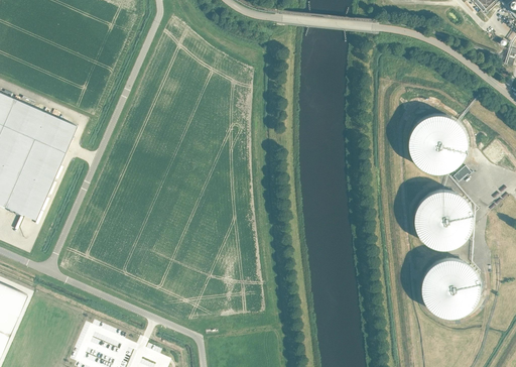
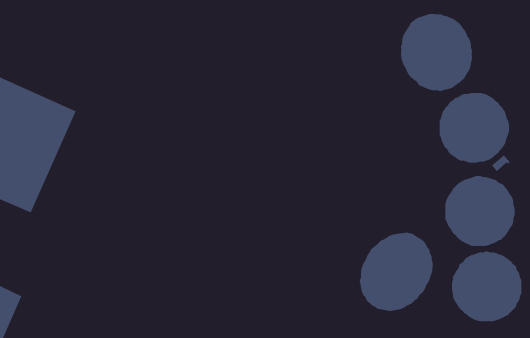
building: none -> [400,13,473,92]
building: none -> [359,232,433,312]

